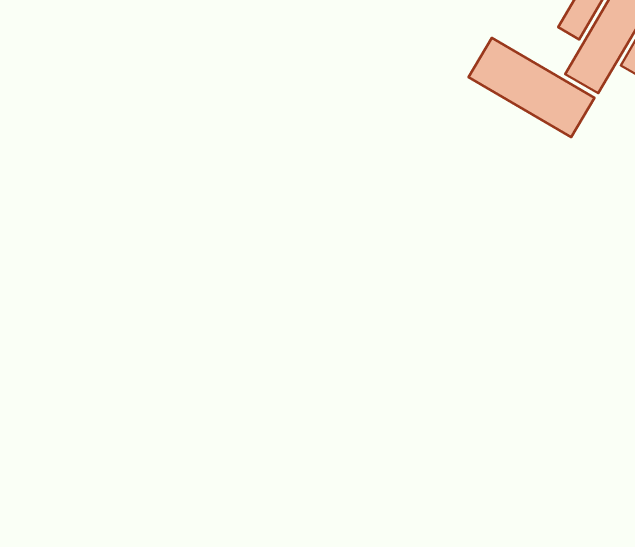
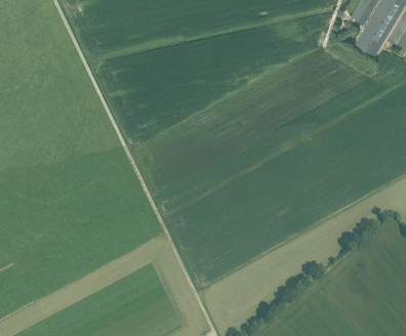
building: [469,38,594,137] -> none

